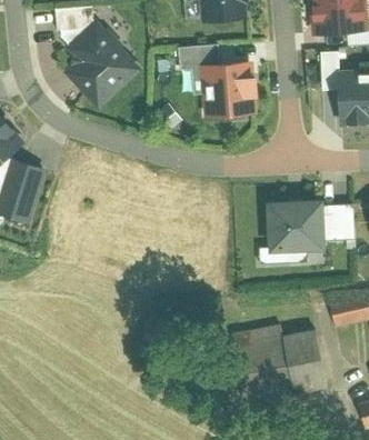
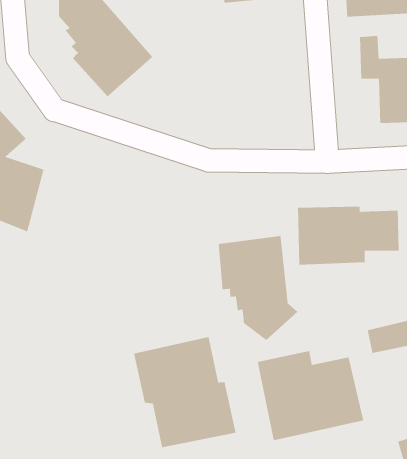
building: [179,43,261,120] -> none
building: none -> [218,235,298,341]
building: none -> [133,336,237,448]

